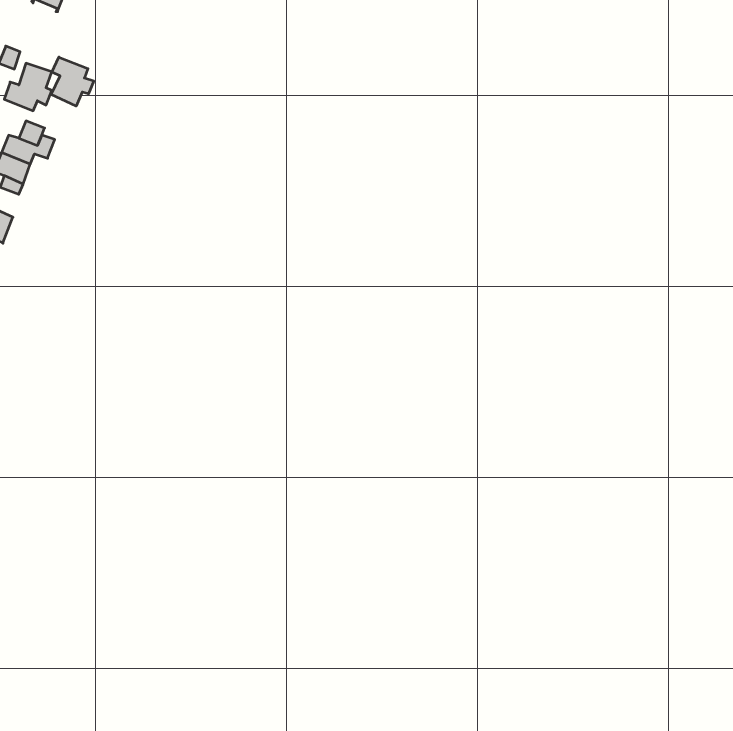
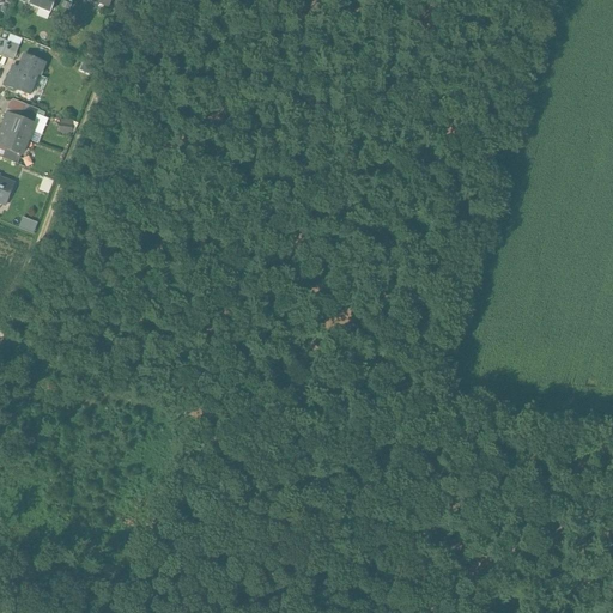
building: [51,57,94,106] -> none

